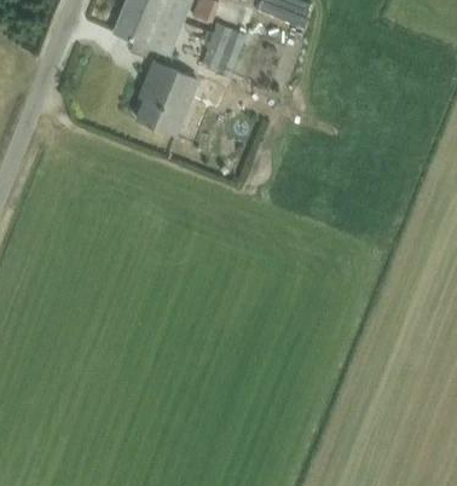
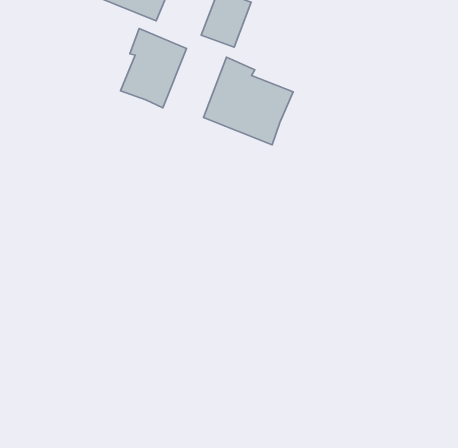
building: none -> [203,57,293,145]

